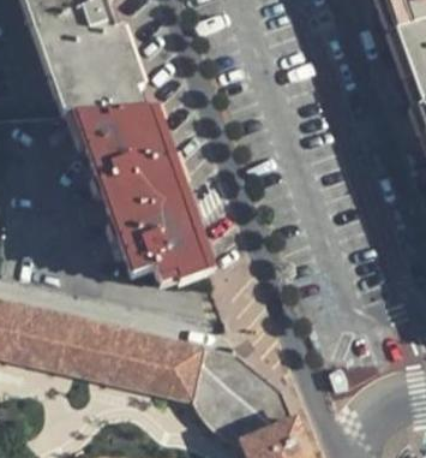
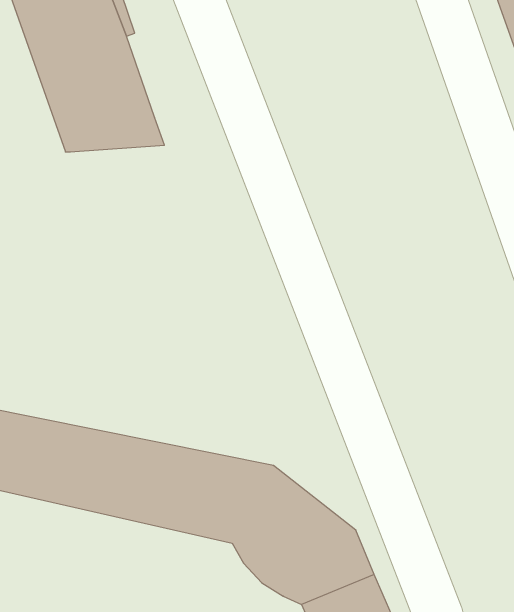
building: [72,111,204,285] -> none

